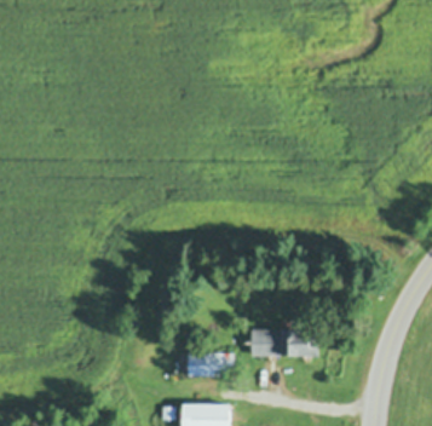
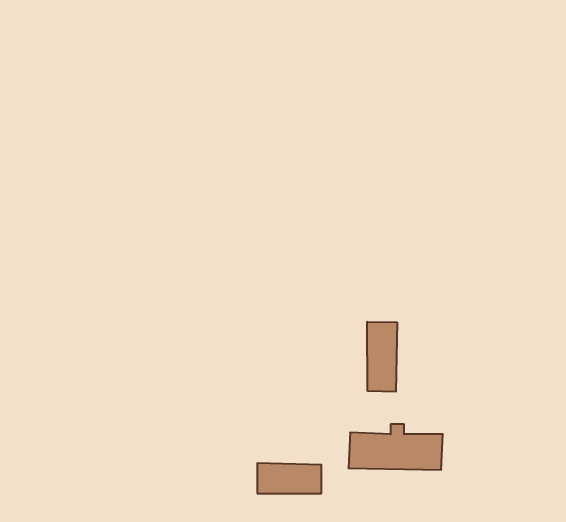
building: none -> [367,322,397,392]

